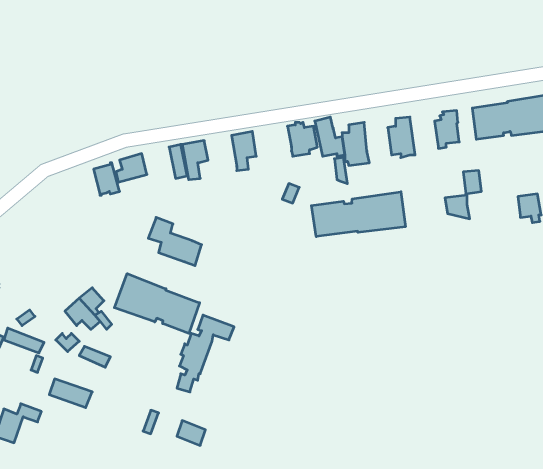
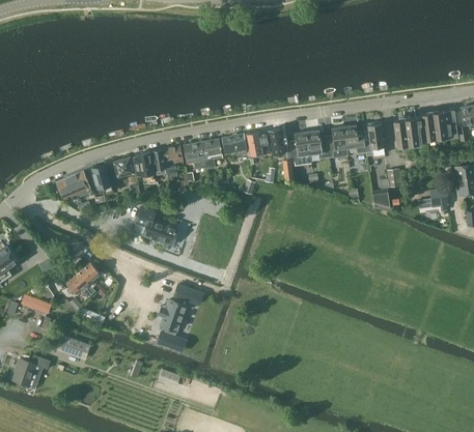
building: none -> [343,124,366,152]
building: none -> [307,129,329,157]
building: none -> [222,133,246,154]
building: none -> [183,141,205,168]
building: none -> [134,151,155,181]
building: none -> [56,171,90,200]
building: [311,192,405,237] -> none
building: [114,274,200,333] -> none

